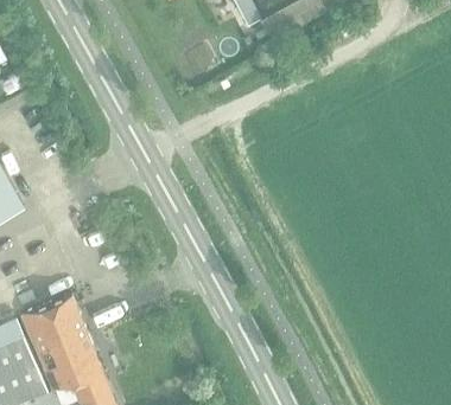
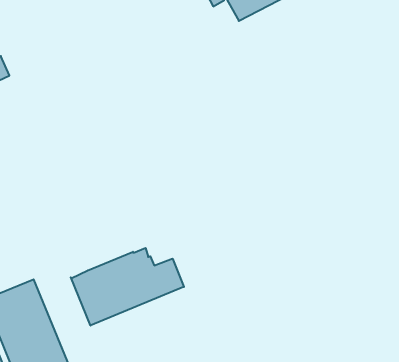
building: none -> [71,248,184,326]

